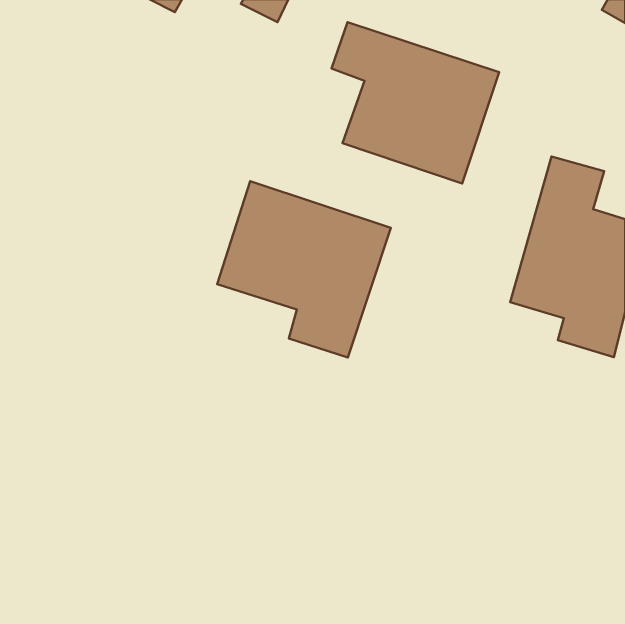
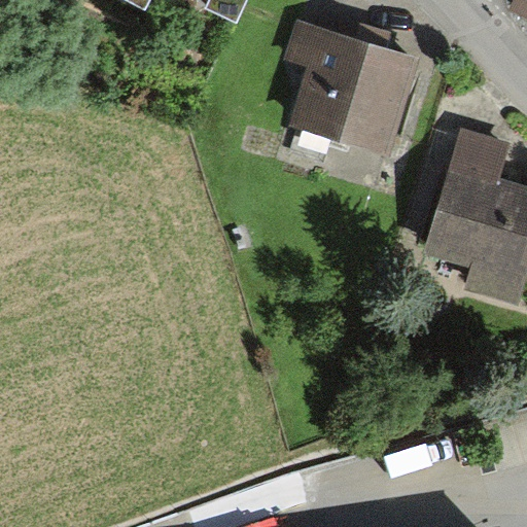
building: [217,181,391,358] -> none

